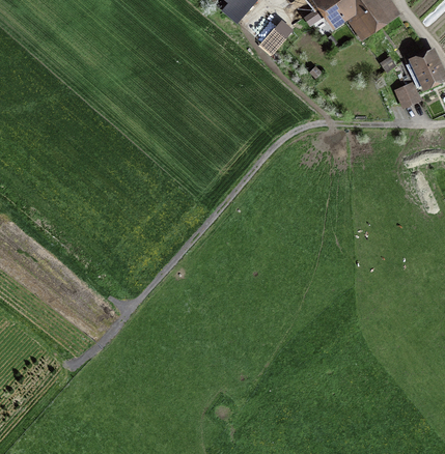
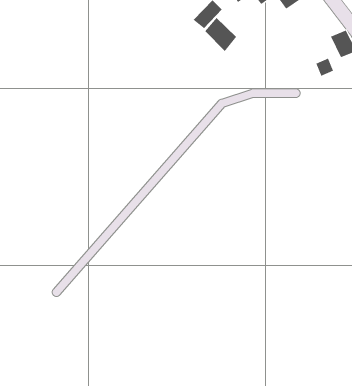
building: none -> [205,17,237,52]

